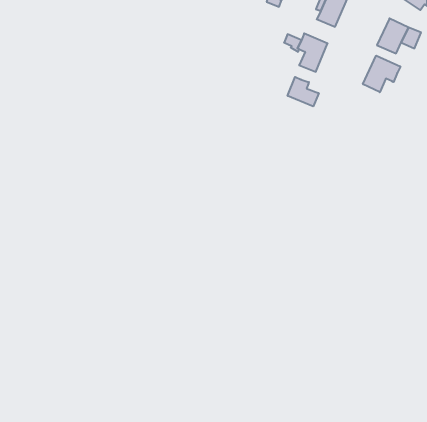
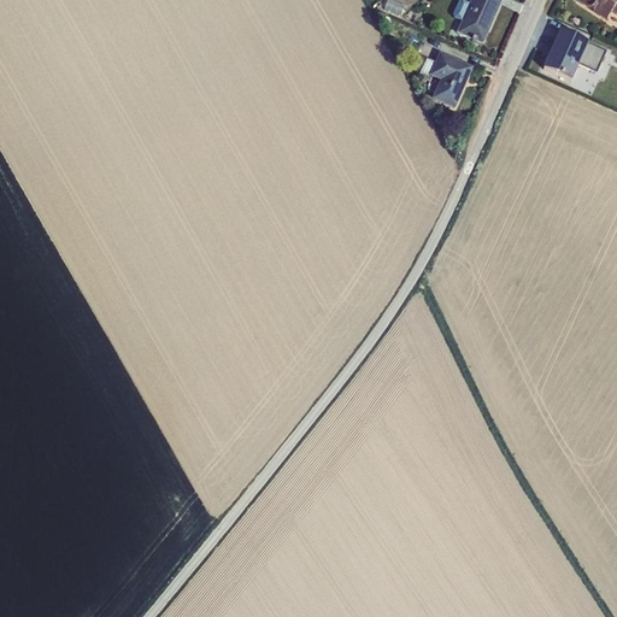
building: [363,56,400,92] -> none
building: [288,77,319,106] -> none

